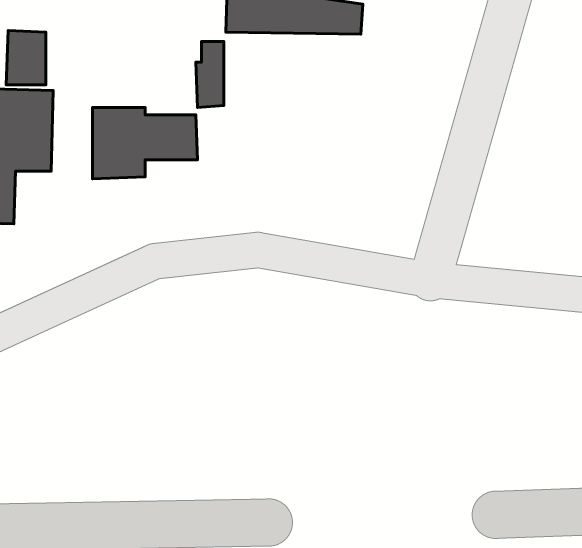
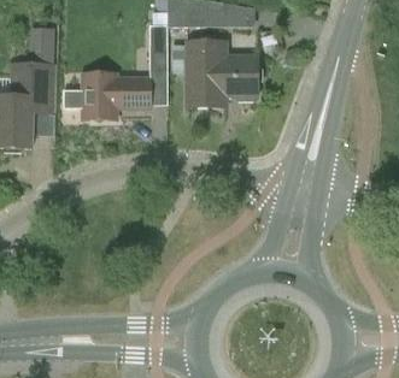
building: none -> [186,41,257,107]

